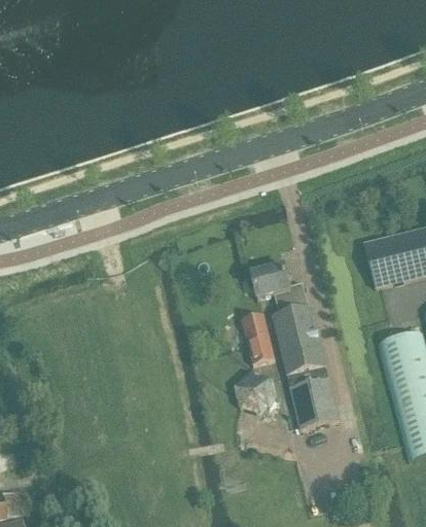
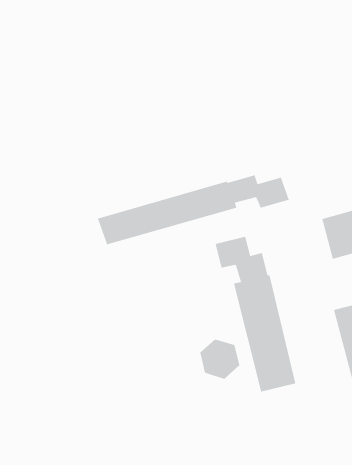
building: none -> [97,175,289,245]
building: [242,313,274,363] -> none

